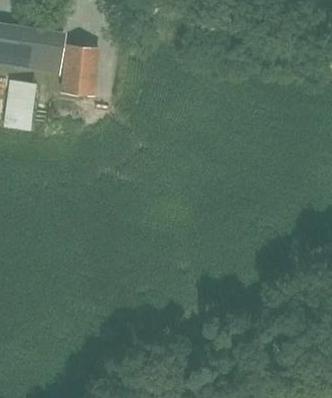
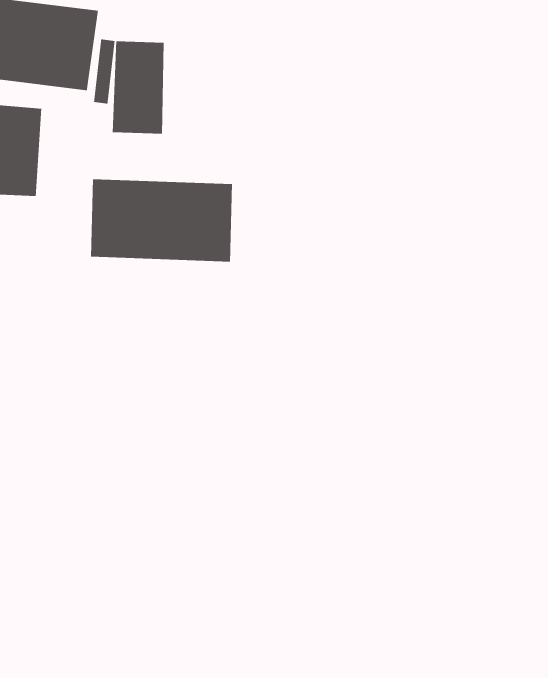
building: none -> [90,178,233,262]

